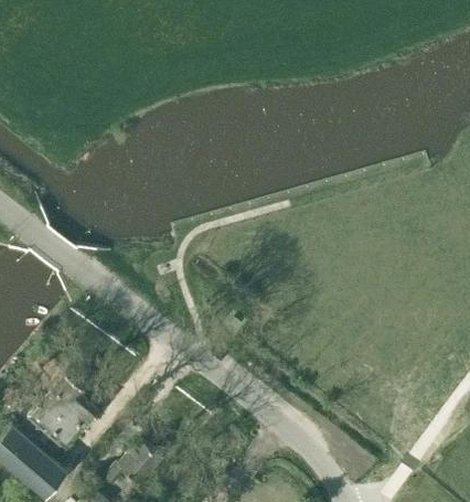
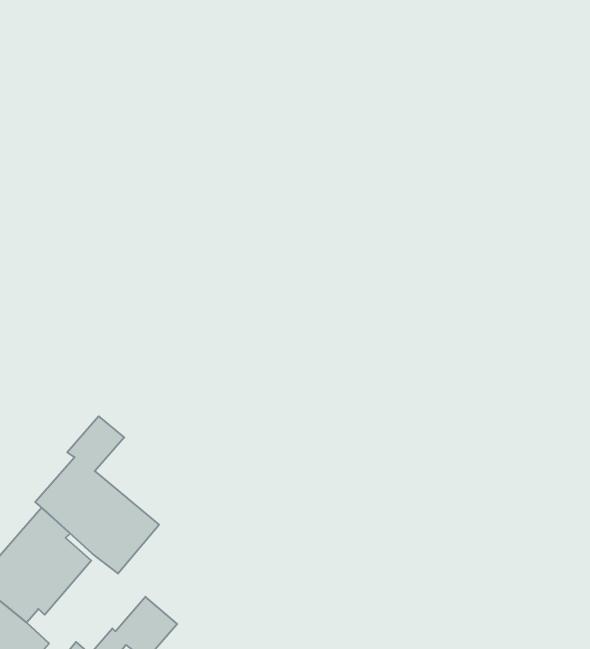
building: none -> [35,416,159,574]

